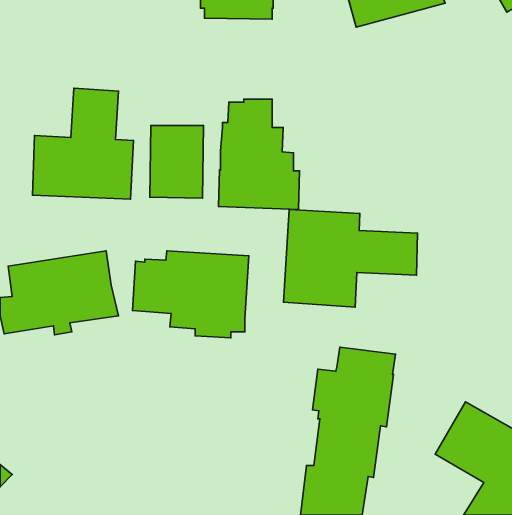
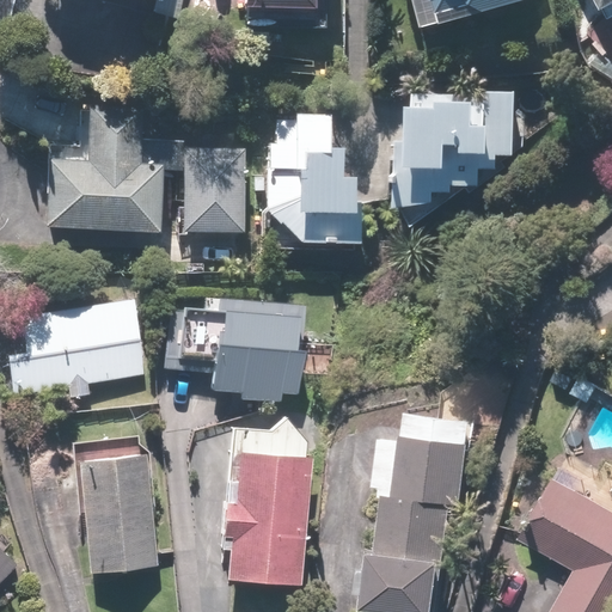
building: none -> [398,92,520,210]
building: [284,210,418,307] -> none
building: none -> [221,415,312,583]
building: none -> [75,451,159,573]

